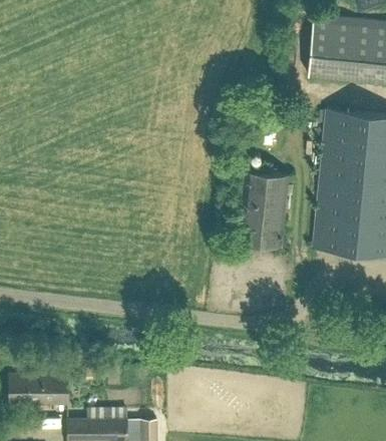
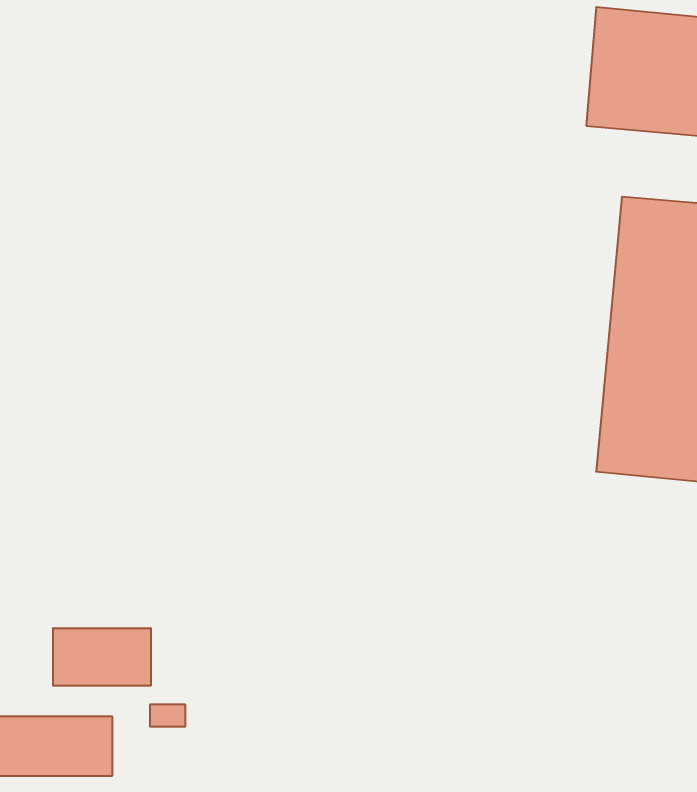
building: [239,173,287,247] -> none
building: none -> [53,628,151,686]

